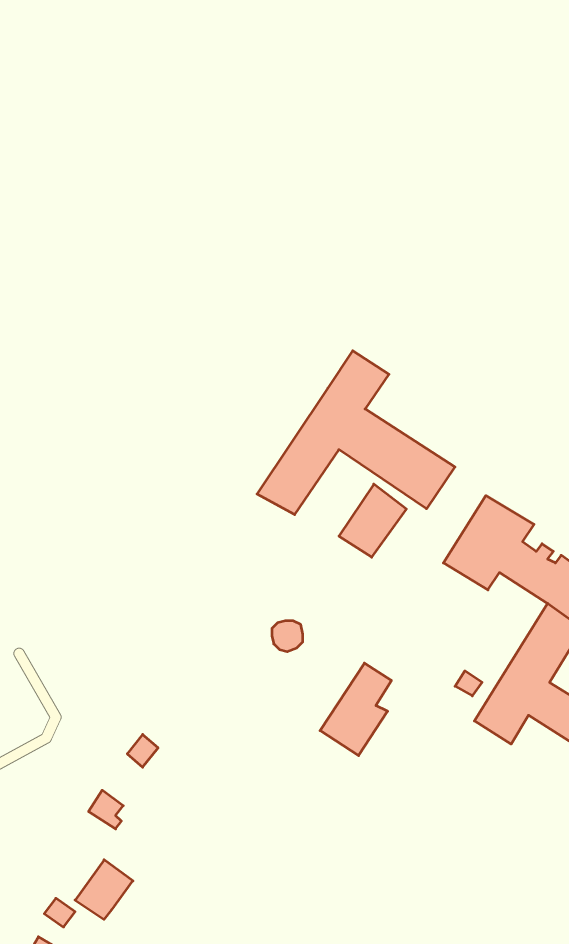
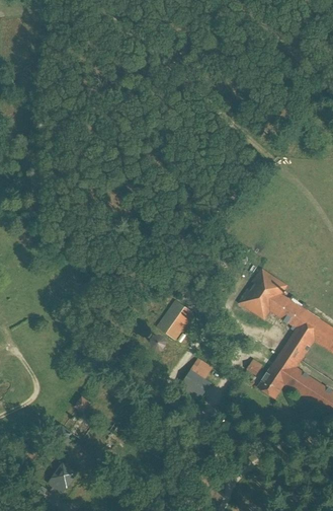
building: [257,351,455,515] -> none
building: [339,484,406,557] -> [158,301,193,340]

